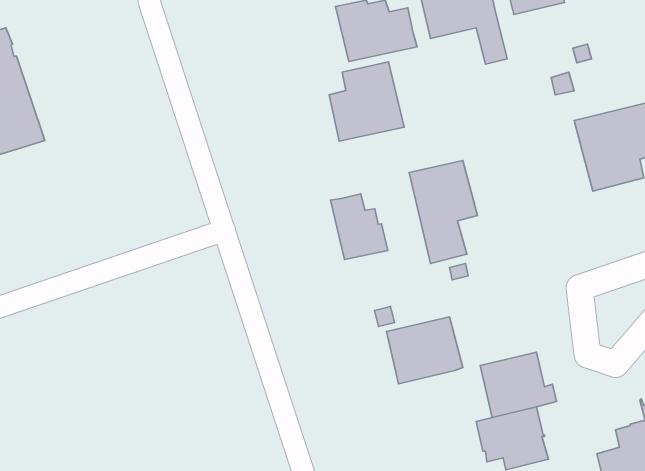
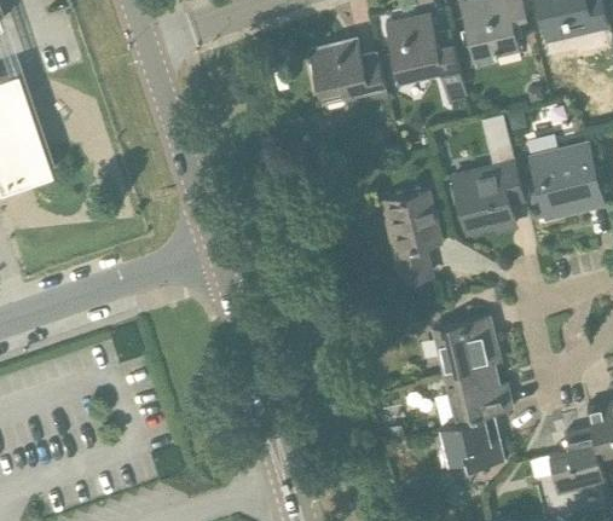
building: [329,62,404,141] -> none
building: none -> [452,156,525,233]
building: [330,194,388,259] -> none
building: [387,317,463,384] -> [432,317,501,377]

